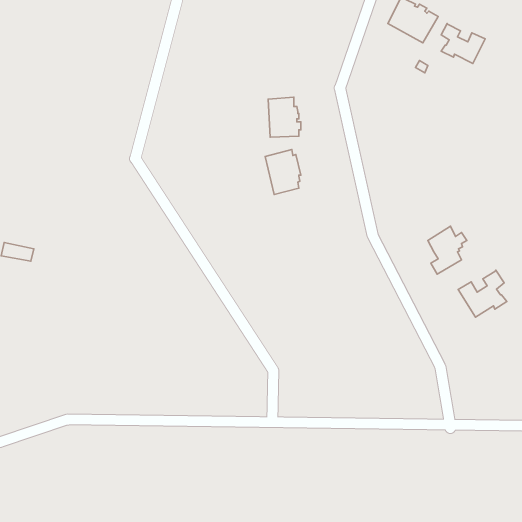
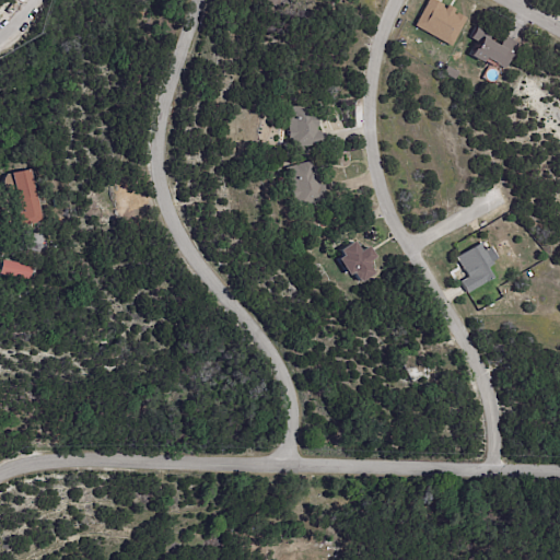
building: none -> [13,168,44,225]
building: none -> [339,241,377,282]
building: [458,270,507,317] -> none

